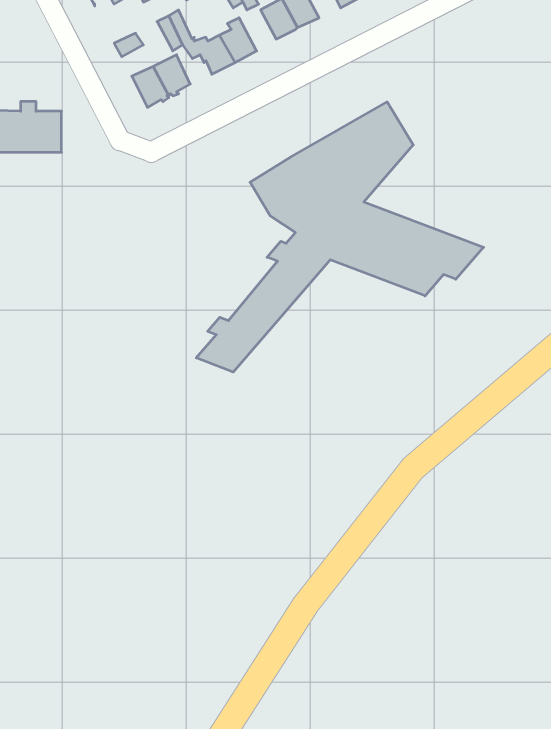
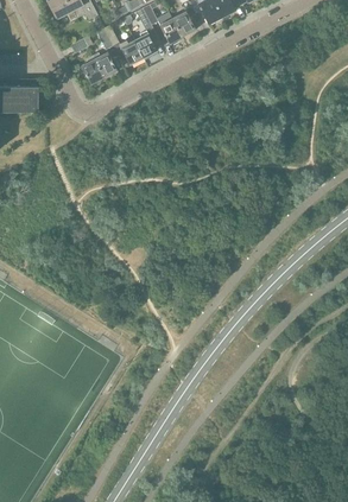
building: [196,102,484,372] -> none

